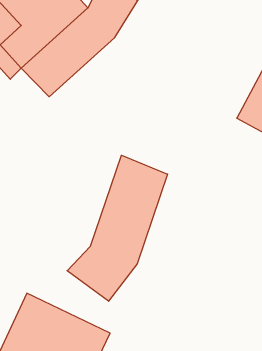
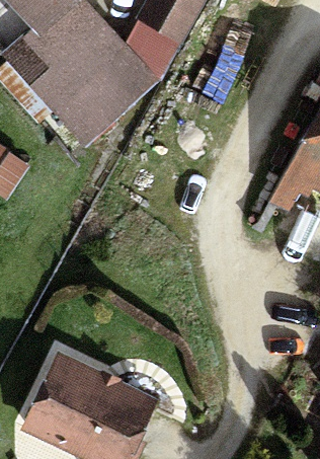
building: [67,155,168,301] -> none

